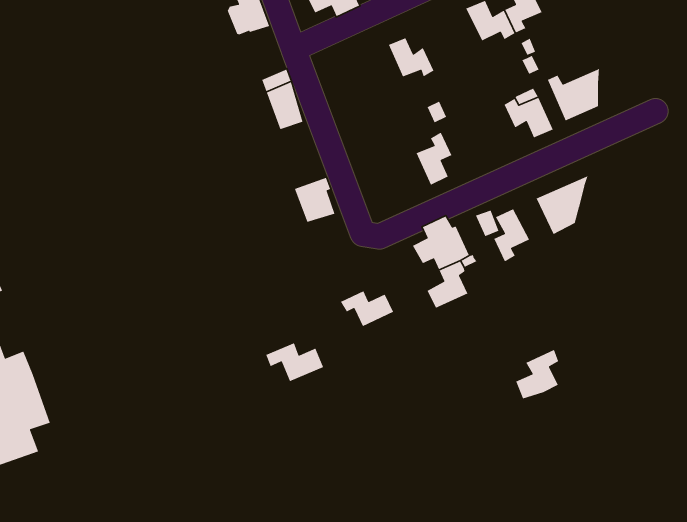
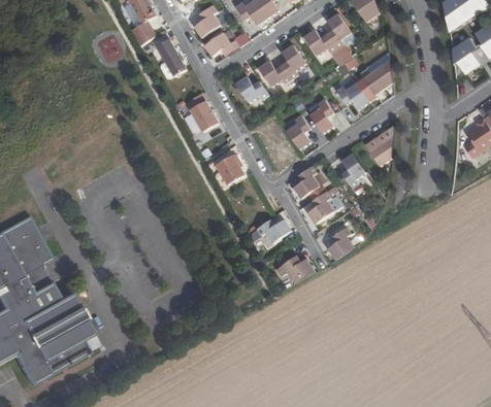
building: none -> [281,44,303,78]
building: none -> [236,75,268,101]
building: none -> [308,99,332,133]
building: [265,342,324,382] -> [275,258,313,282]
building: [515,349,559,399] -> [327,225,354,259]

